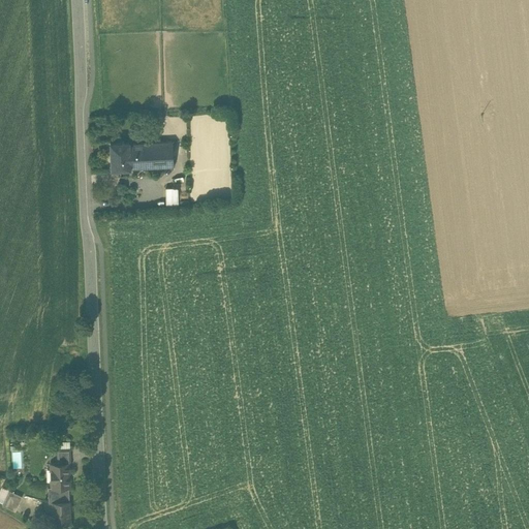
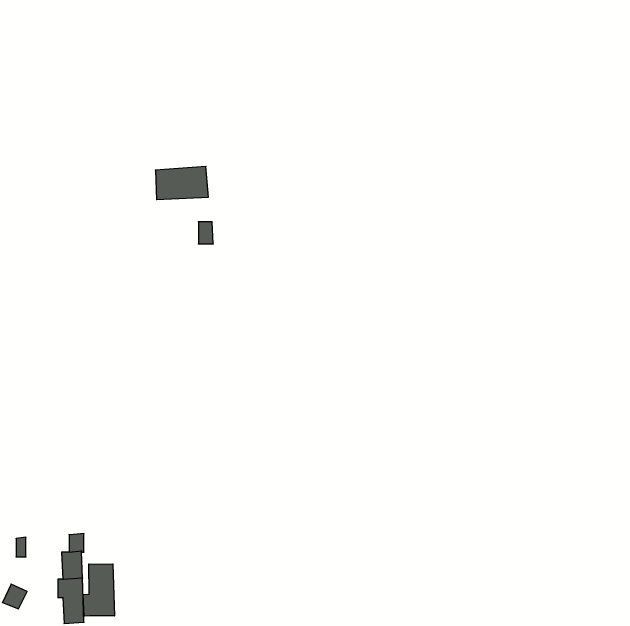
building: [111,142,131,170] -> none
building: none -> [83,564,114,616]

